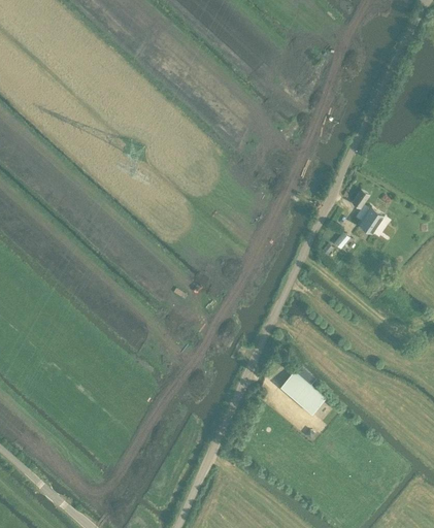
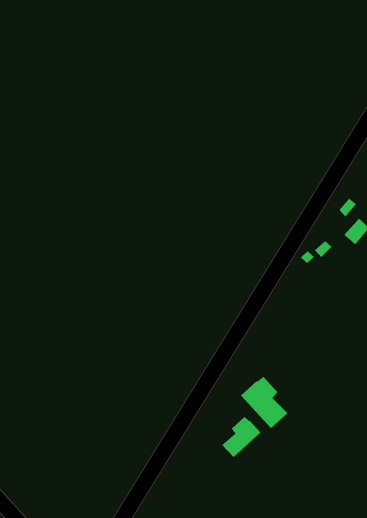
building: none -> [221,416,261,458]

